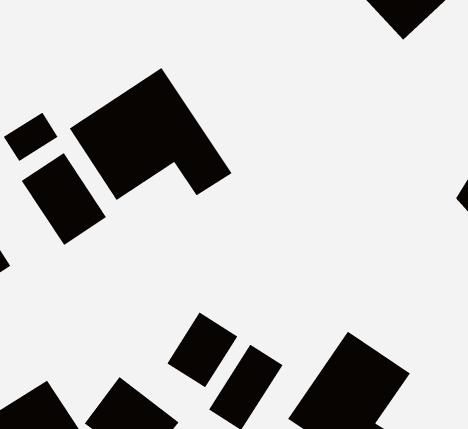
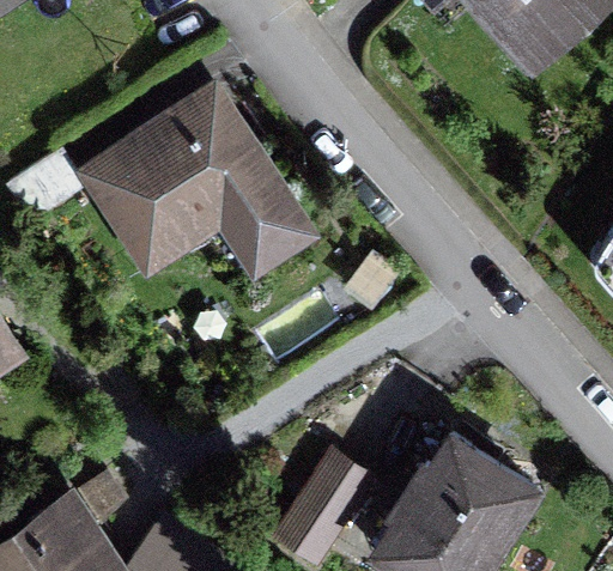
building: [21,152,107,246] -> none
building: [166,312,238,388] -> none

